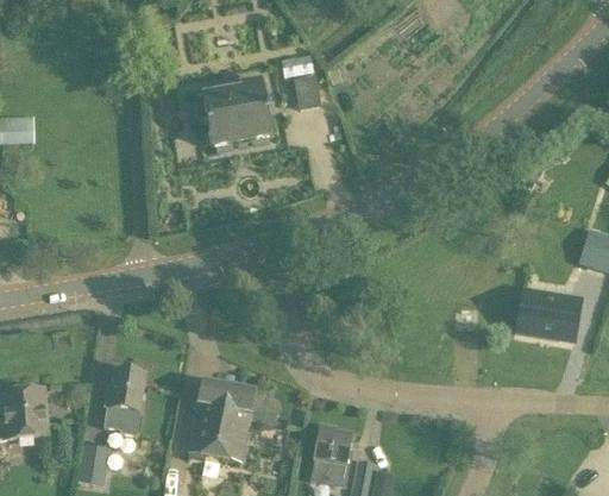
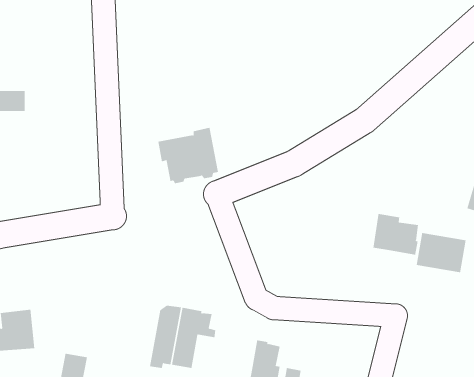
building: [293,75,320,111] -> none
building: [196,79,272,149] -> [157,127,219,184]
building: none -> [373,213,418,255]
building: [102,366,144,435] -> none

